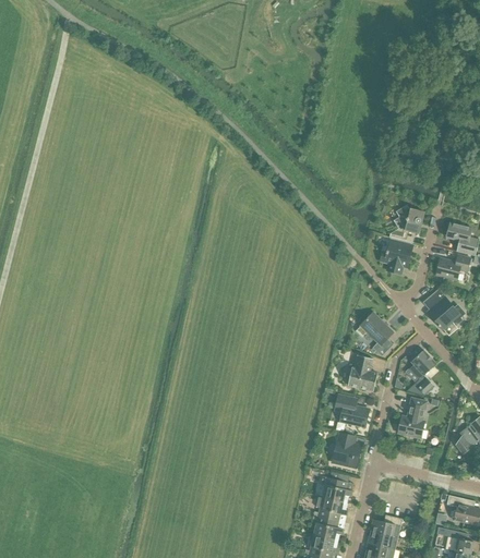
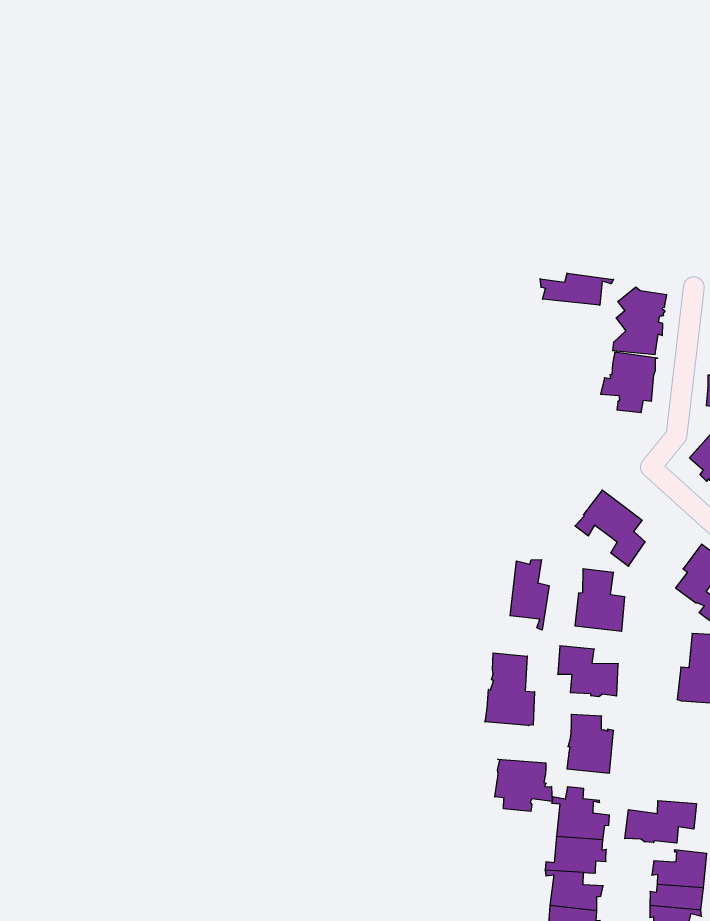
building: none -> [540,273,614,305]
building: none -> [510,560,549,630]
building: none -> [485,653,535,726]
building: none -> [495,759,552,811]
building: none -> [625,801,696,843]

